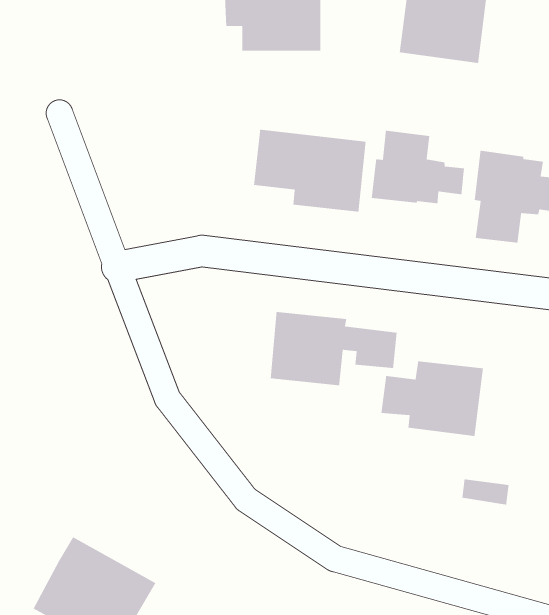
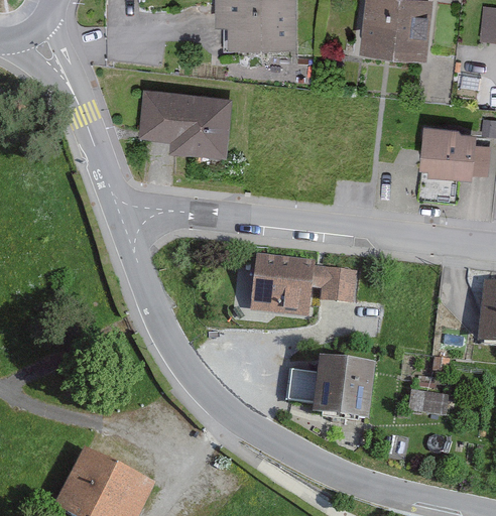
building: [253,129,366,212] -> [138,89,231,157]
building: [371,130,465,204] -> none
building: [381,361,484,437] -> [288,361,373,423]

